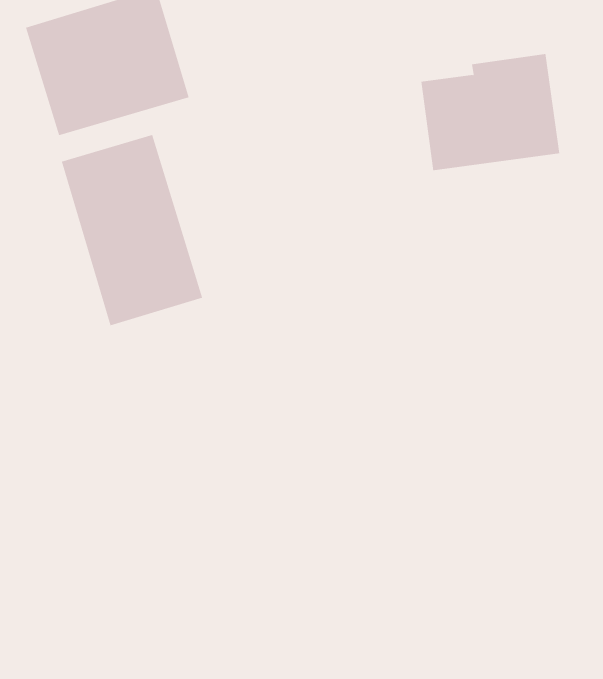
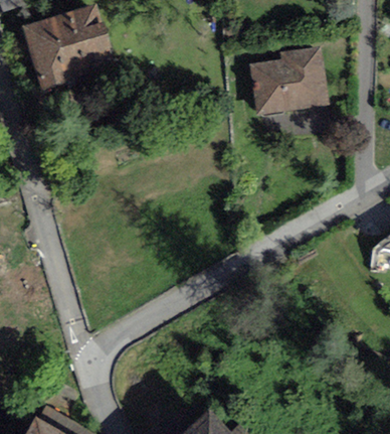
building: [61,134,203,326] -> none

